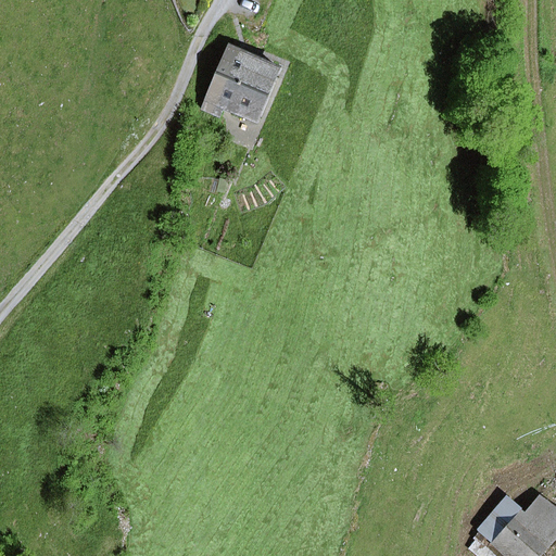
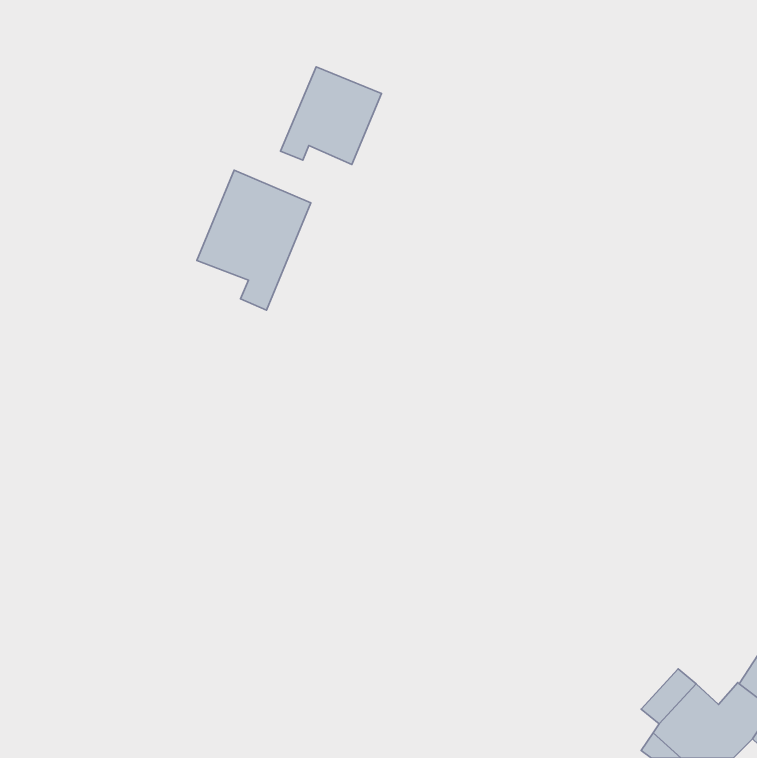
building: none -> [197,170,311,310]

